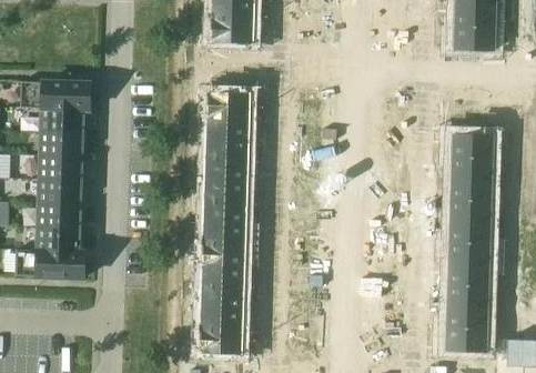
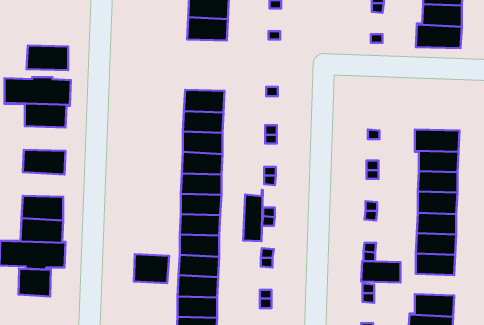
building: [41,132,84,158] -> [27,46,68,70]
building: [40,180,83,205] -> none
building: none -> [243,190,263,241]
building: none -> [134,254,169,283]
building: none -> [19,269,51,297]
building: [447,285,488,308] -> [361,261,401,282]

